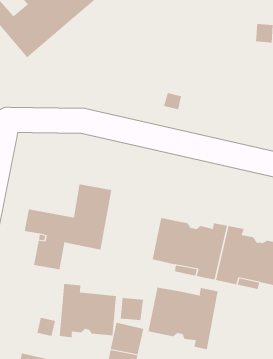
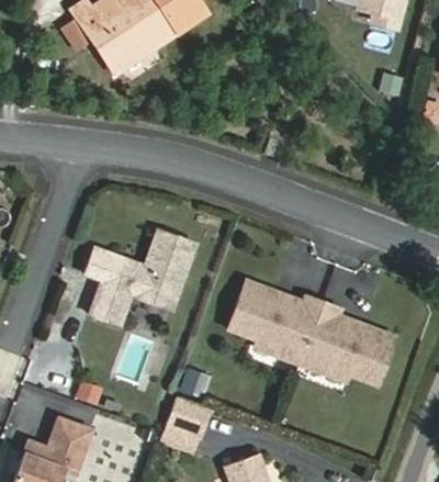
building: [59,283,116,338] -> none
building: [148,287,218,350] -> none

